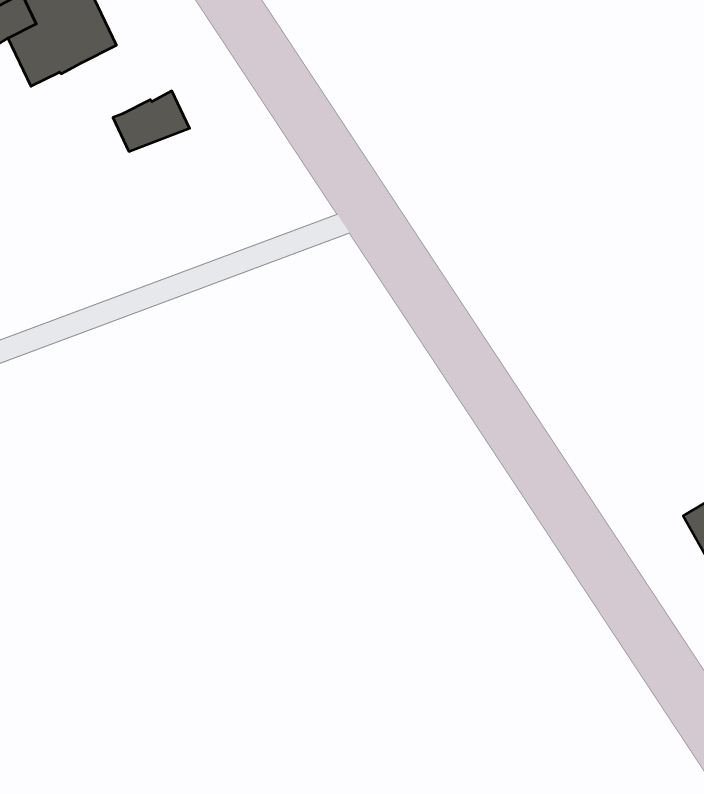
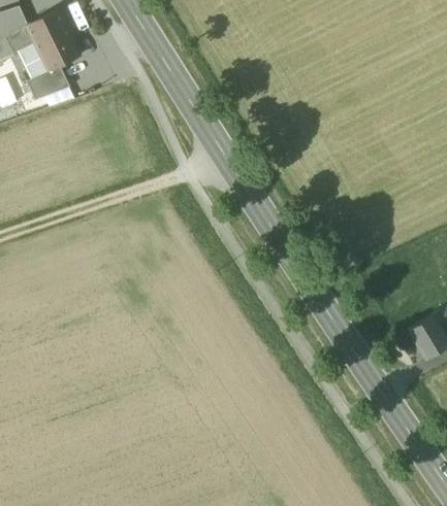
building: [113,91,190,151] -> [26,66,70,101]

